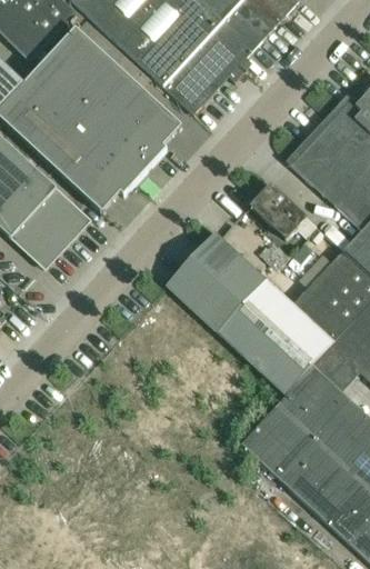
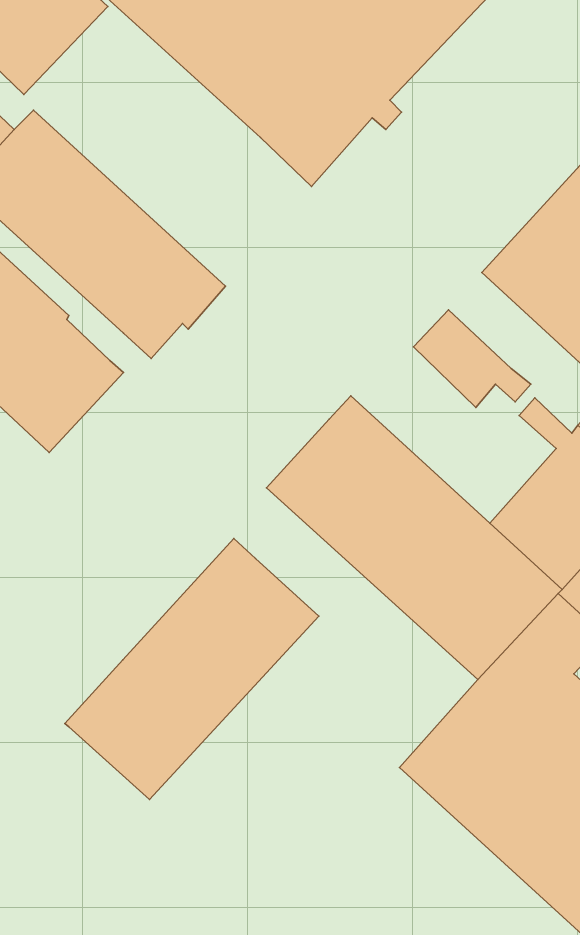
building: [34,27,180,170] -> none
building: none -> [65,539,319,799]

